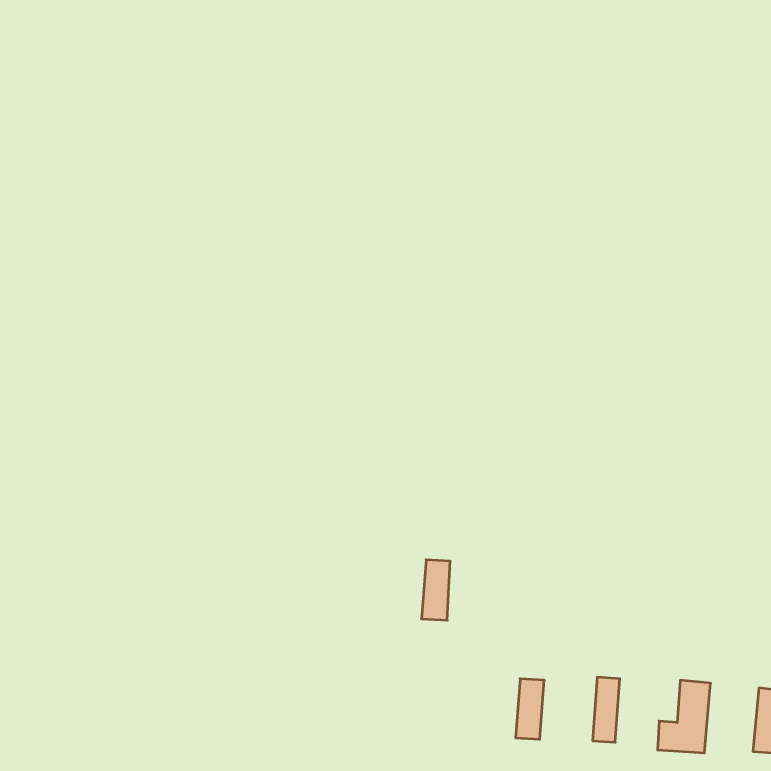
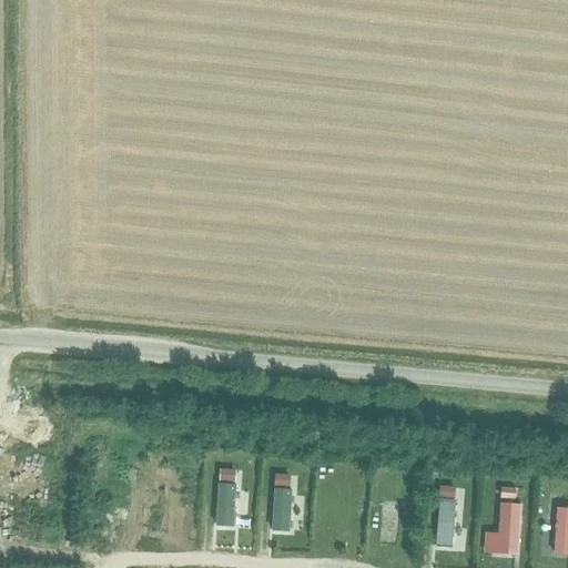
building: [421,560,450,620] -> [272,487,293,531]
building: none -> [215,481,236,525]

